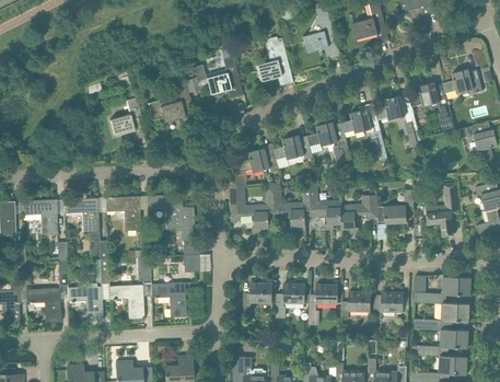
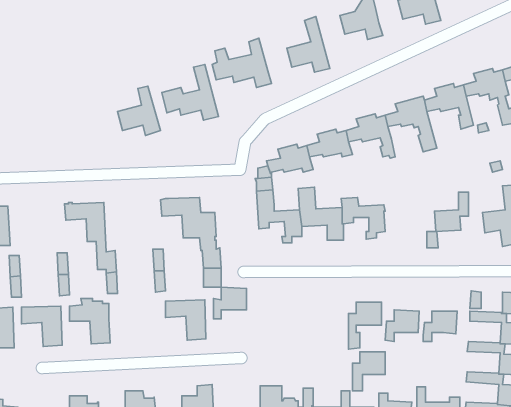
building: [340,195,377,233] -> none
building: [105,196,141,231] -> none
building: [22,199,58,234] -> none
building: [244,282,272,310] -> [214,287,246,319]
building: [277,283,305,317] -> [352,352,385,391]
building: [109,285,144,319] -> none

